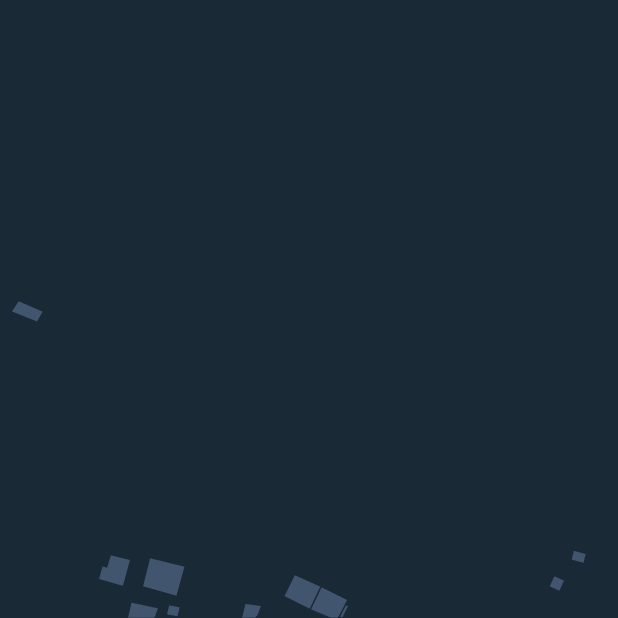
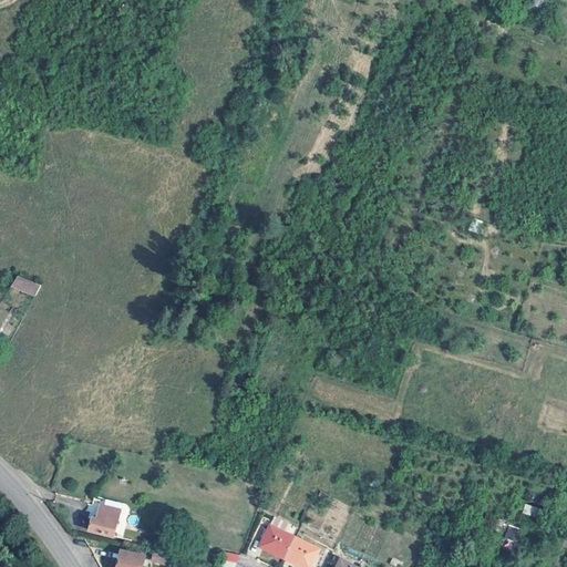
building: [143,557,185,597] -> none

